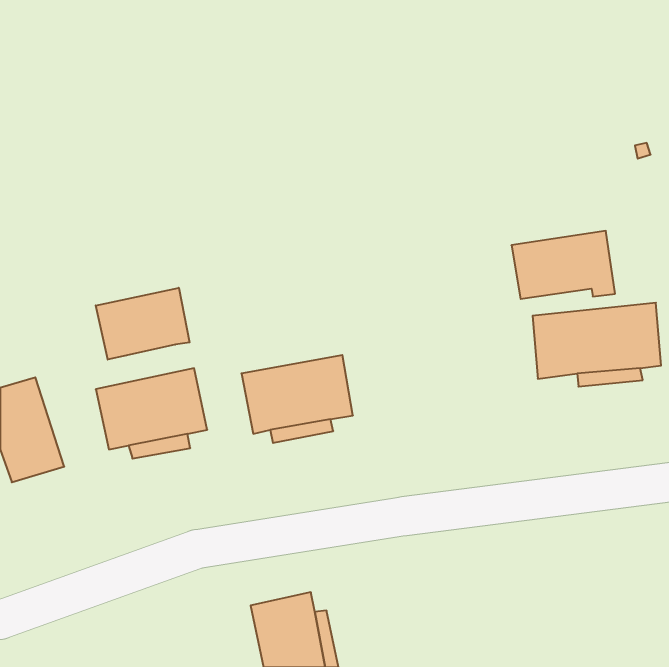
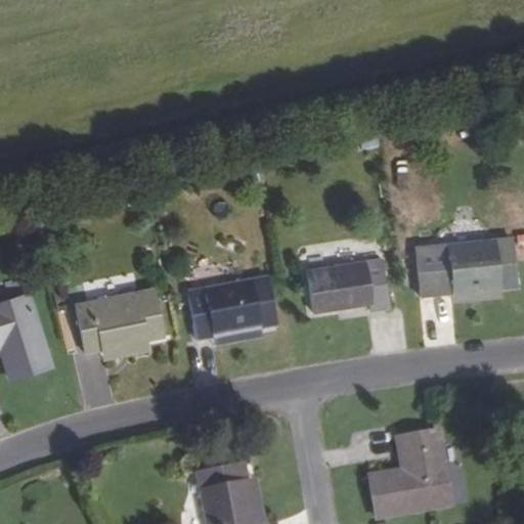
building: [511,231,615,299] -> [307,258,388,311]
building: [96,288,190,360] -> none
building: none -> [369,431,450,517]

